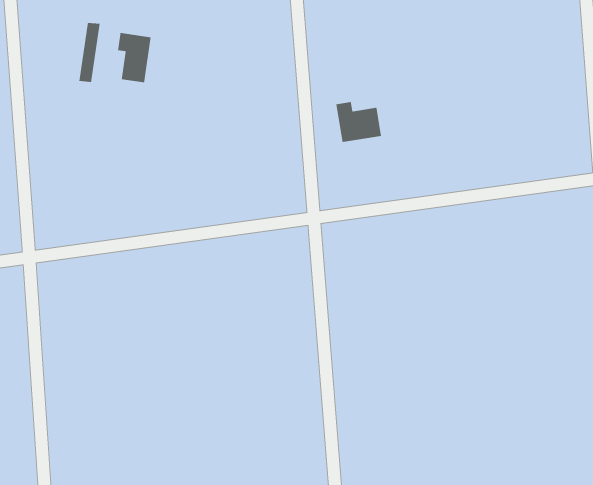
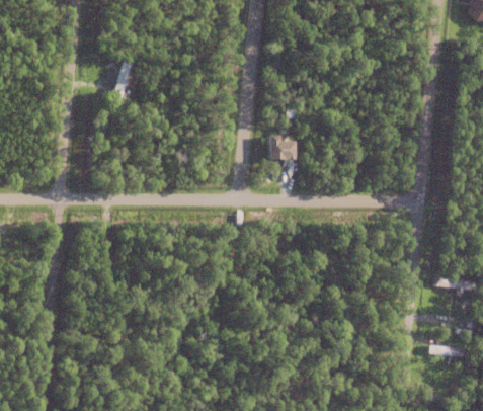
building: [117,32,151,83] -> none

